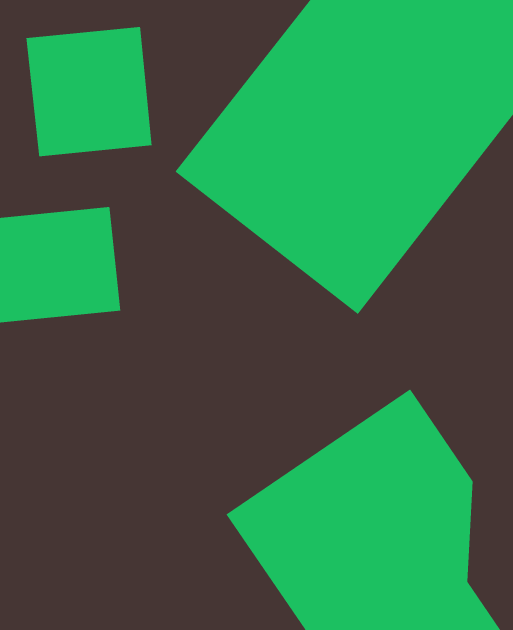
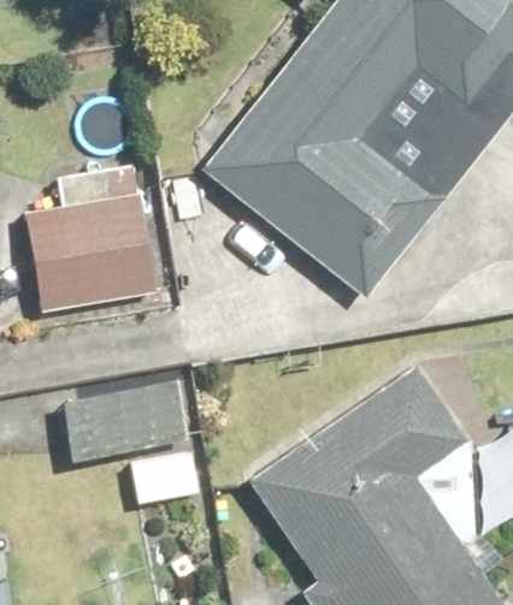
building: [26,26,152,157] -> none
building: none -> [65,379,197,503]

